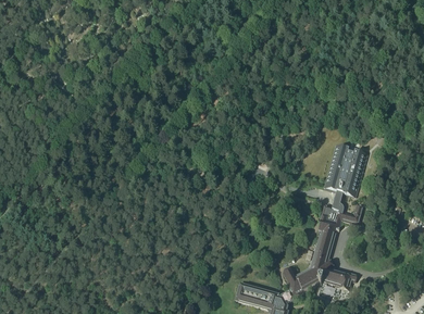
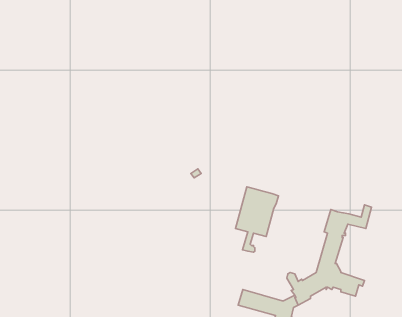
building: [324,147,365,210] -> [236,187,278,252]

